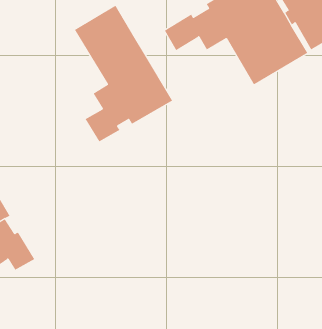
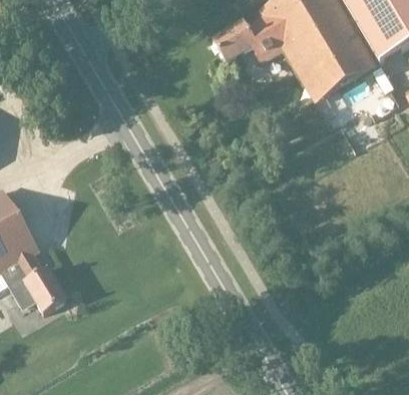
building: [74,5,173,142] -> none

